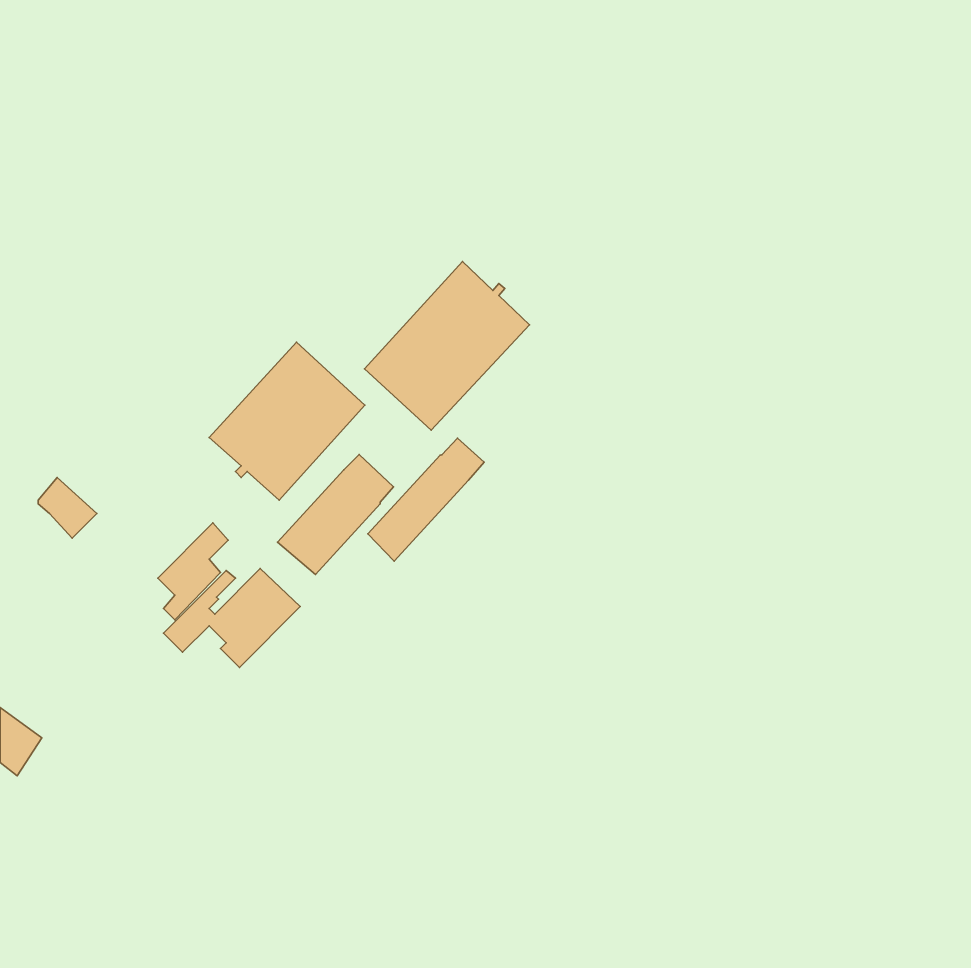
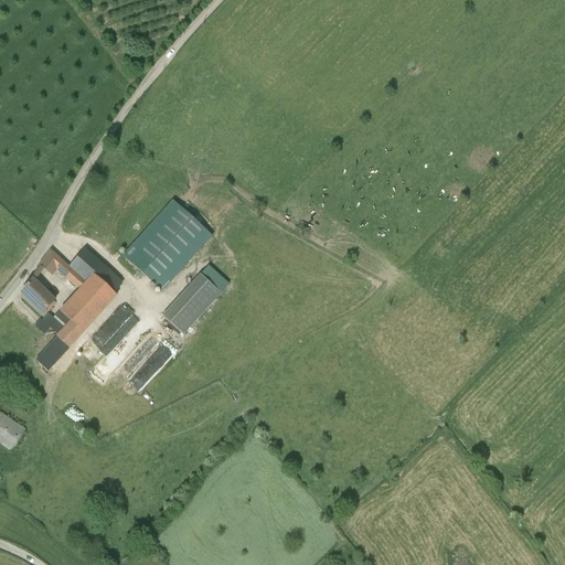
building: [364,261,529,430] -> none
building: none -> [34,247,121,370]
building: [368,438,484,561] -> none

